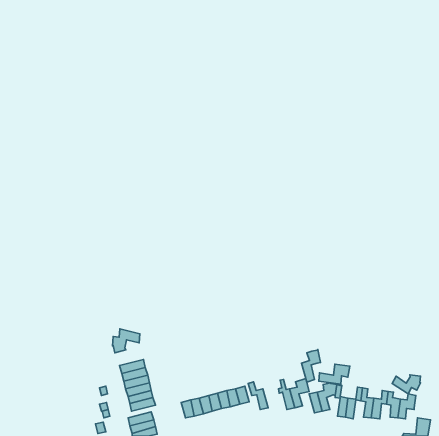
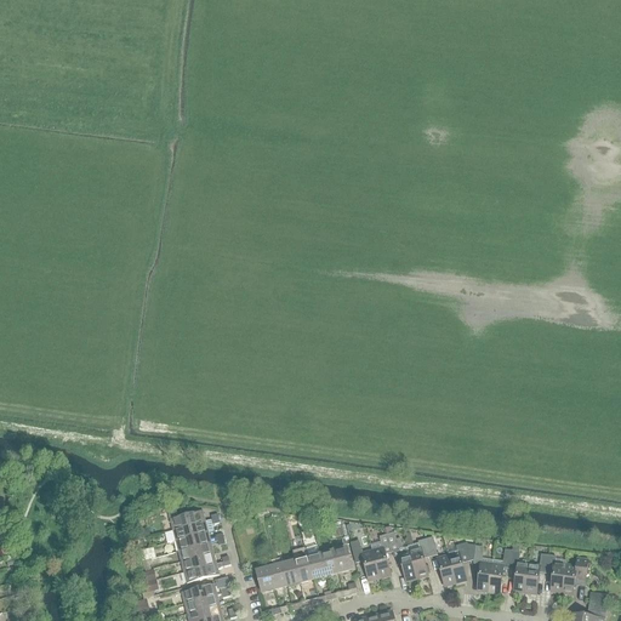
building: [112,329,140,353] -> none
building: [302,349,321,382] -> [371,530,398,576]
building: [319,364,350,384] -> none
building: [392,375,421,394] -> none

